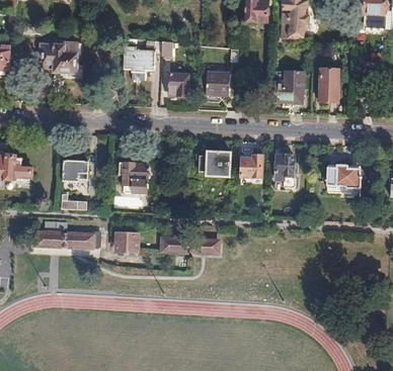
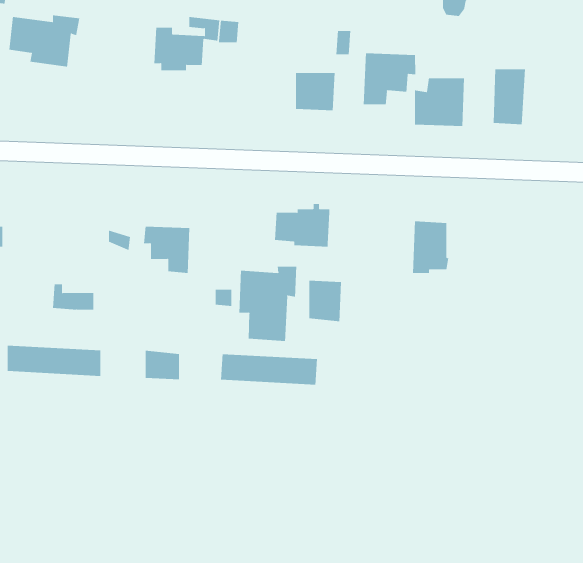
building: none -> [363,52,416,105]
building: [168,74,188,98] -> none
building: [238,157,257,181] -> [309,280,342,322]
building: [63,161,90,181] -> none
building: [325,165,357,198] -> none
building: none -> [239,266,297,342]

